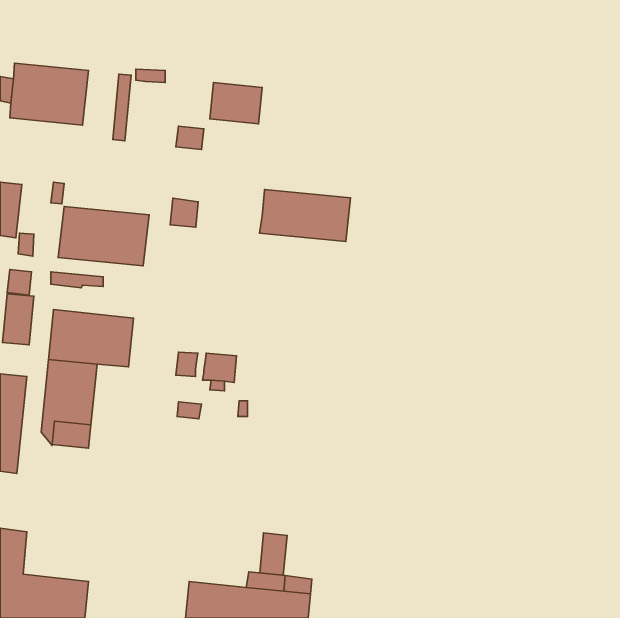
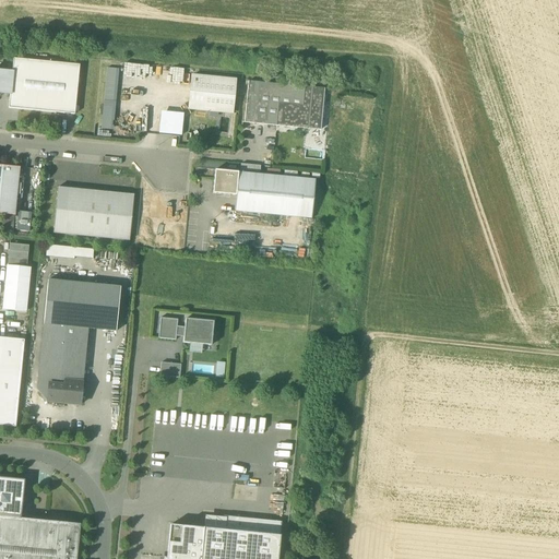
building: none -> [245,80,324,128]
building: [170,198,198,227] -> [213,168,238,194]
building: [260,533,287,575] -> none

